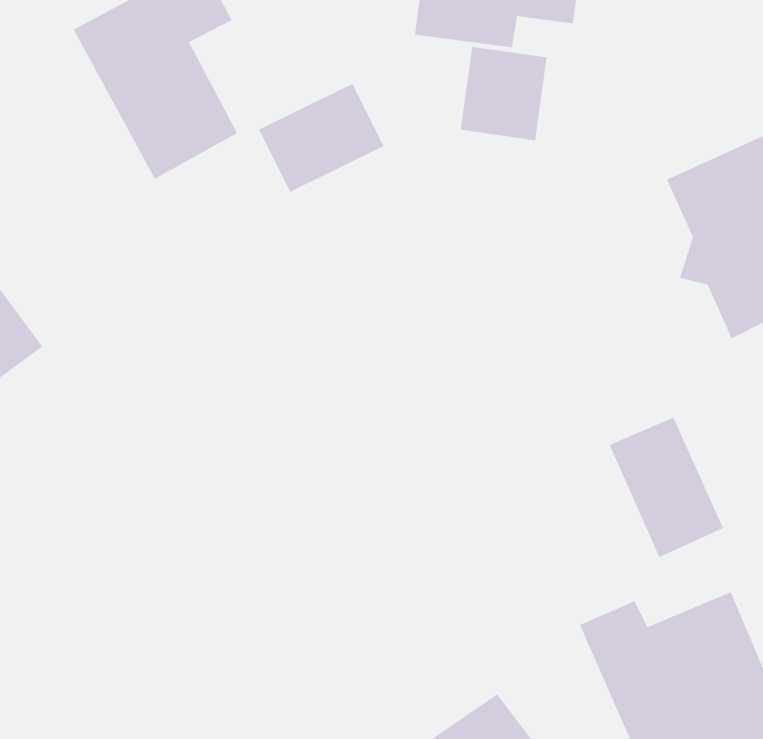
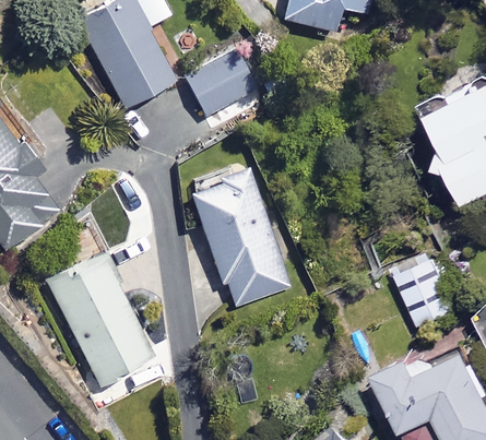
building: [460,46,547,141] -> none
building: none -> [192,165,293,310]
building: none -> [45,249,156,384]

